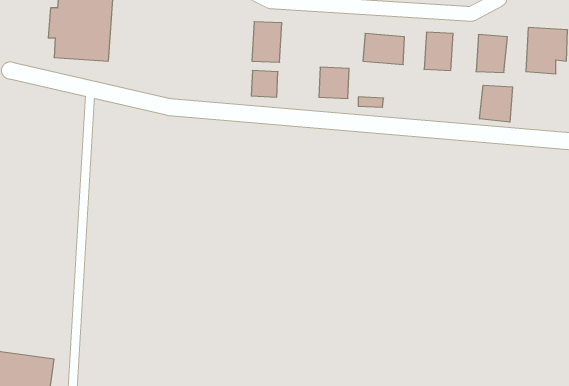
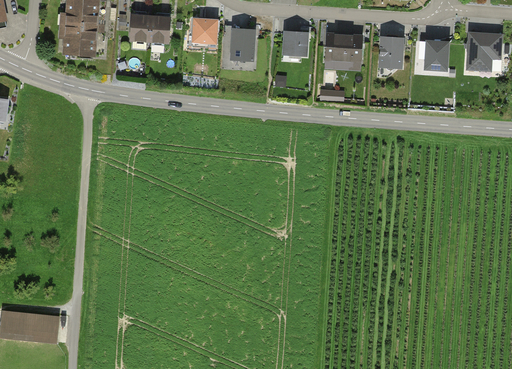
building: none -> [127,15,168,43]
building: [319,67,349,98] -> [283,28,309,55]
building: [251,71,278,97] -> [194,20,217,43]
building: [480,85,513,122] -> none

